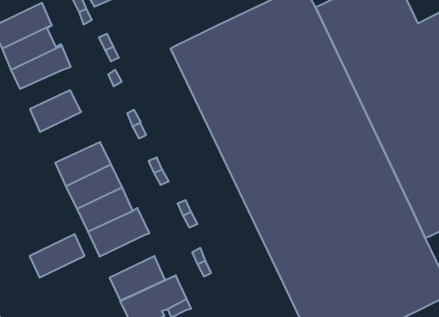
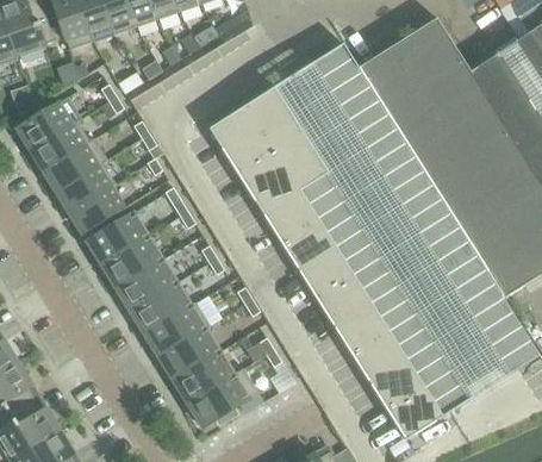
building: none -> [55,163,108,208]
building: none -> [87,211,147,262]
building: [30,234,85,277] -> [160,327,218,377]

